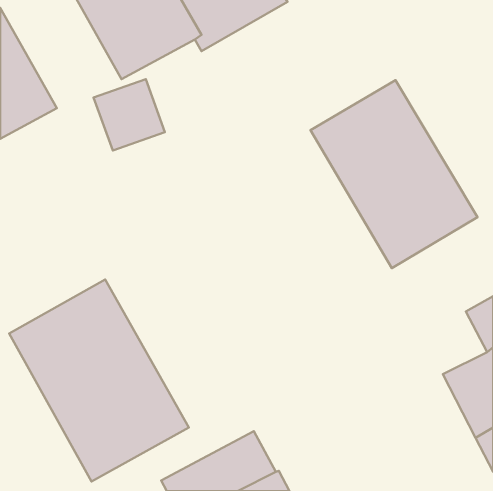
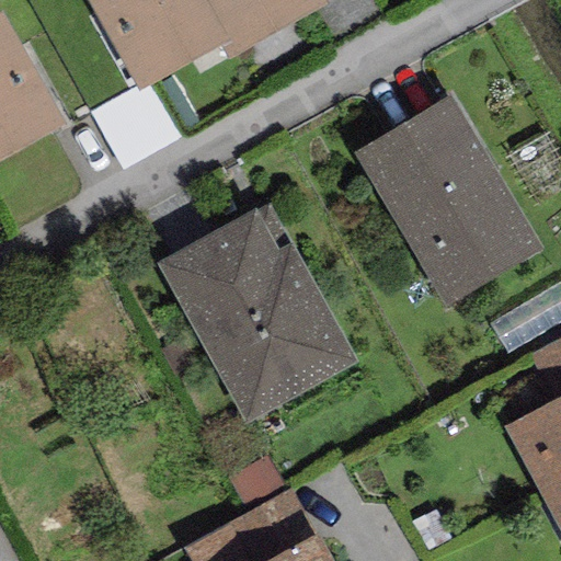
building: none -> [156,202,358,426]
building: [9,280,189,482] -> none

